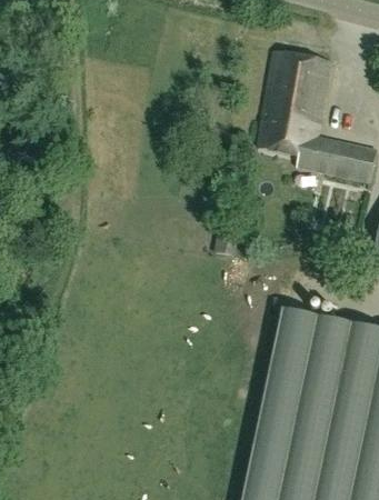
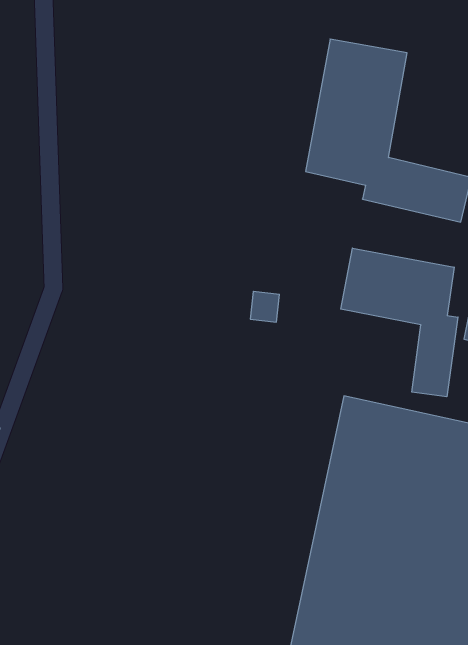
building: none -> [341,248,458,397]

